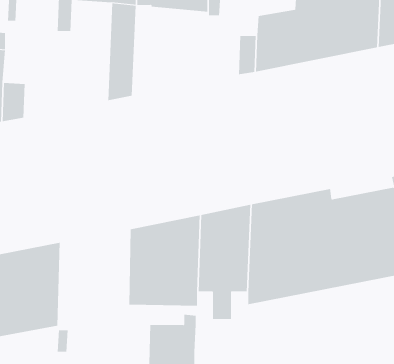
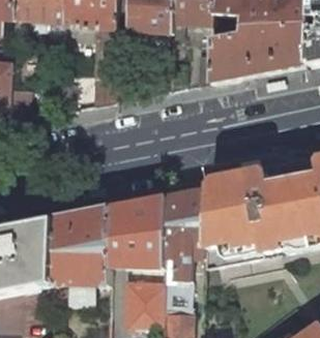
building: none -> [53,206,110,305]
building: none -> [162,255,191,304]

